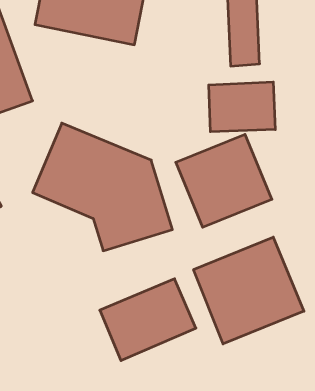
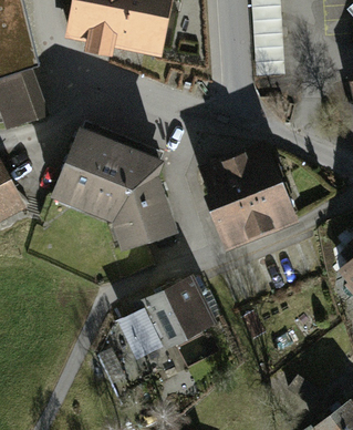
building: [209,82,275,132] -> none
building: [194,237,304,344] -> none

